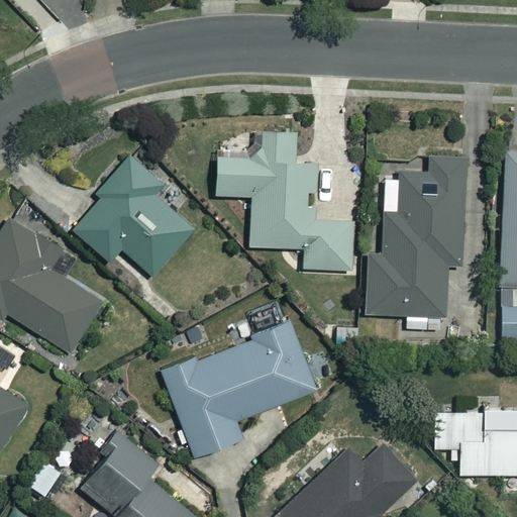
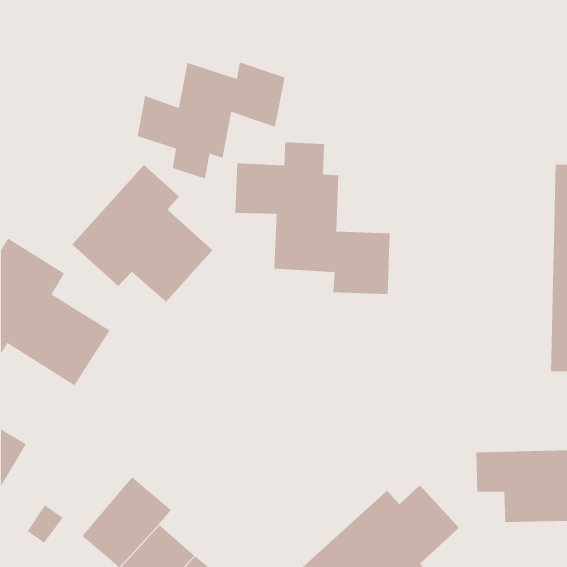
building: none -> [137,62,285,179]
building: [366,157,466,330] -> none
building: [160,318,317,459] -> none

